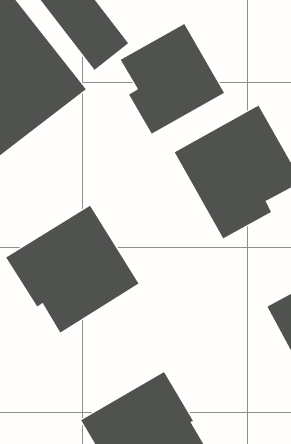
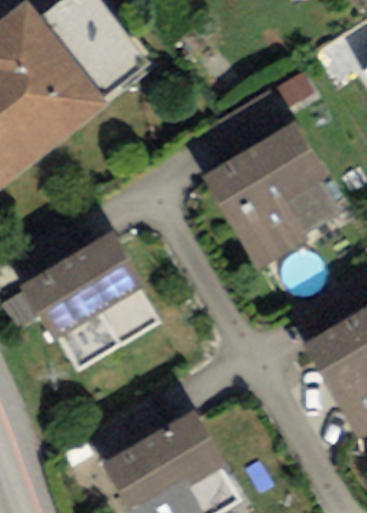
building: [120,23,225,134] -> none

